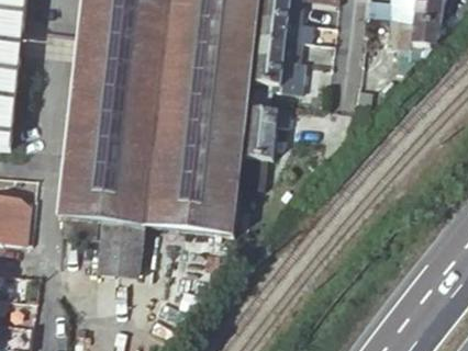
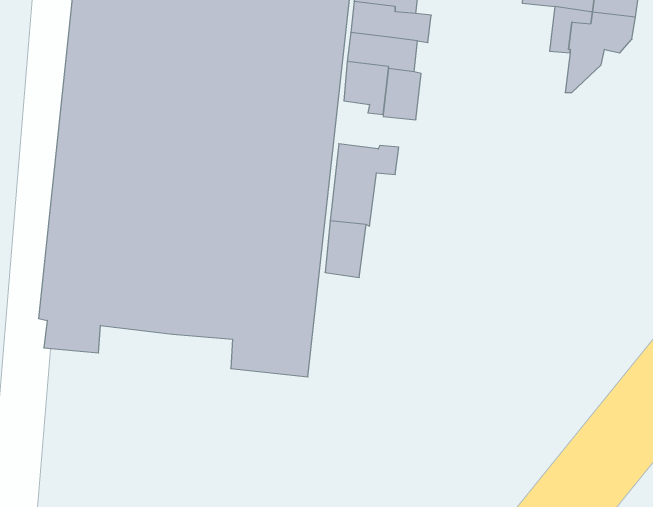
building: [101,220,144,276] -> none

